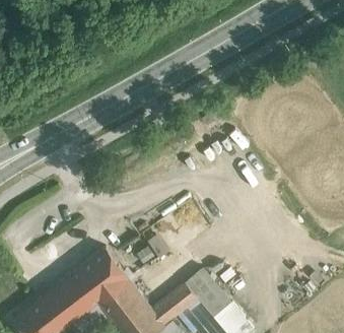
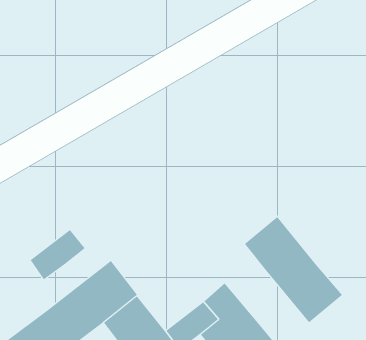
building: none -> [244,216,343,323]
building: none -> [30,229,85,280]

